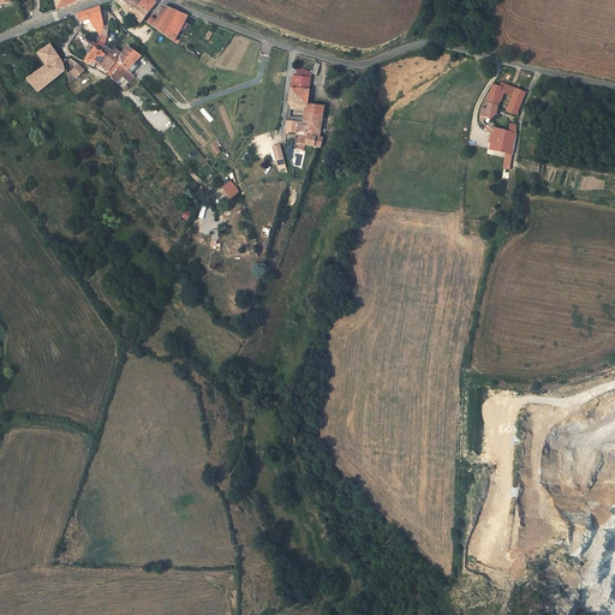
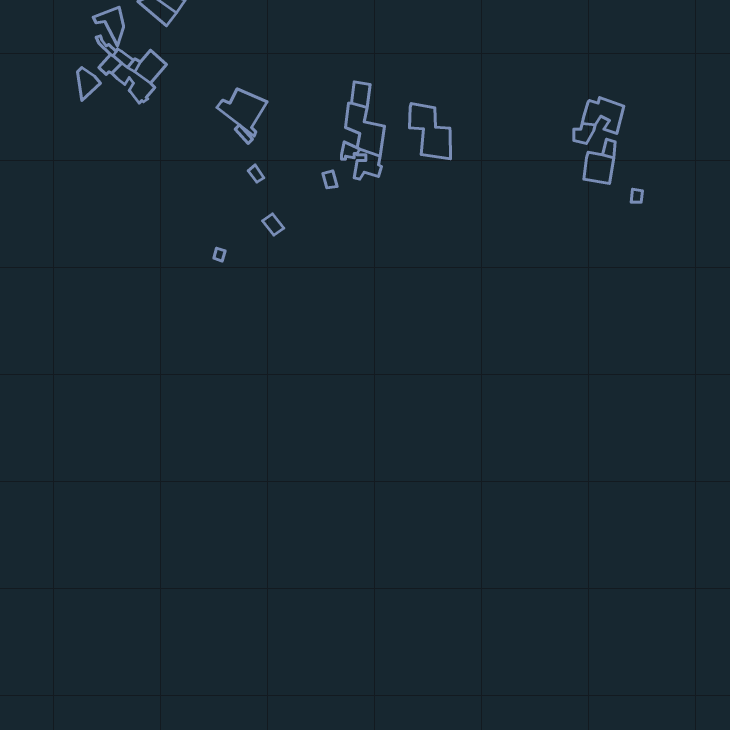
building: [148,5,190,44] -> [217,89,267,136]
building: [23,42,62,90] -> none
building: none -> [409,104,451,159]

